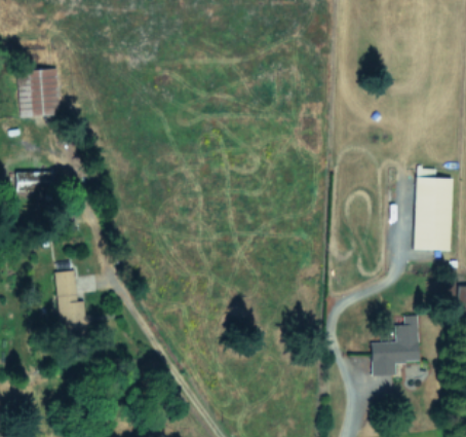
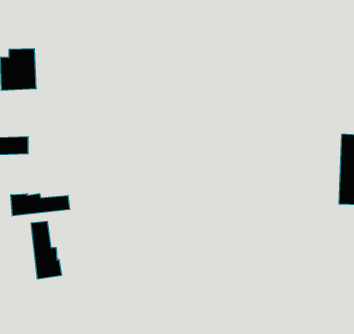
building: none -> [11,194,70,216]
building: [372,315,420,375] -> none

